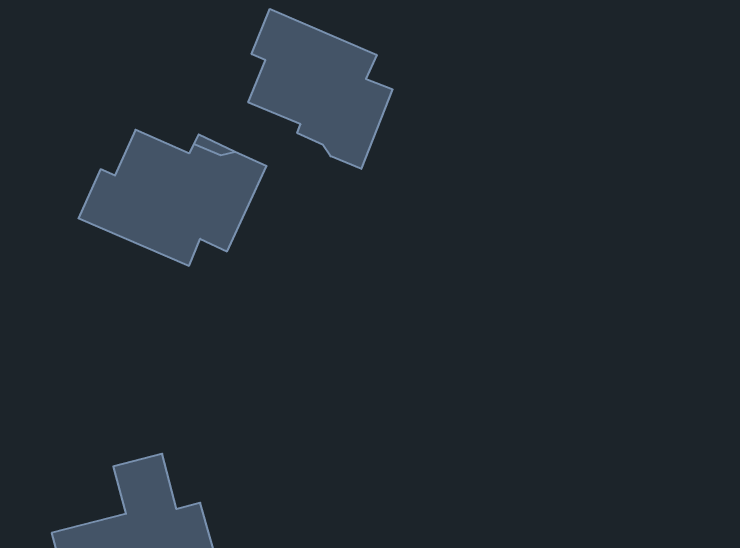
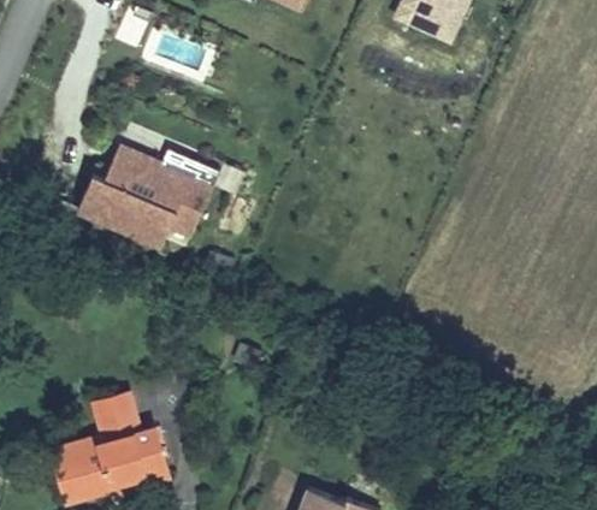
building: [248,9,393,169] -> none

